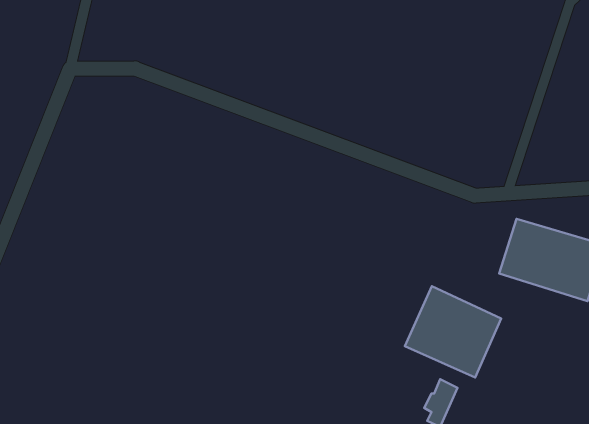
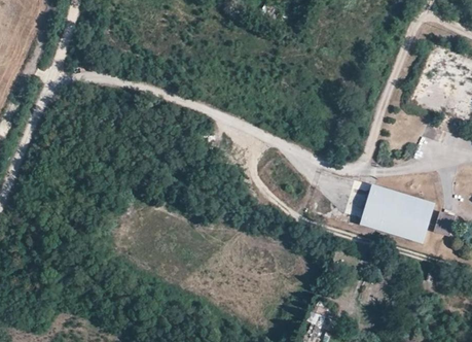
building: [405,286,501,378] -> none

